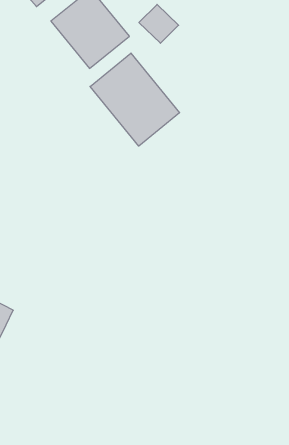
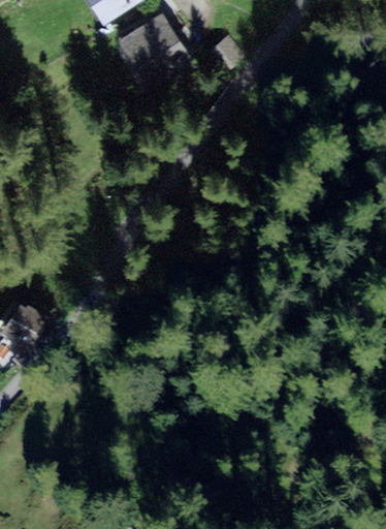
building: [90,53,180,146] -> none

